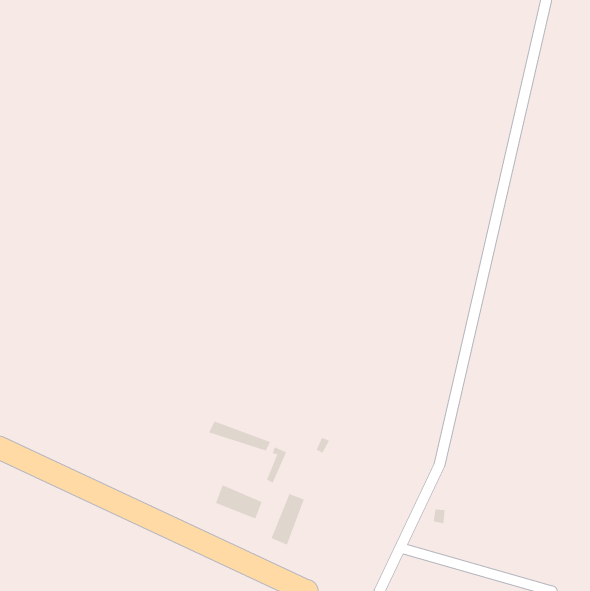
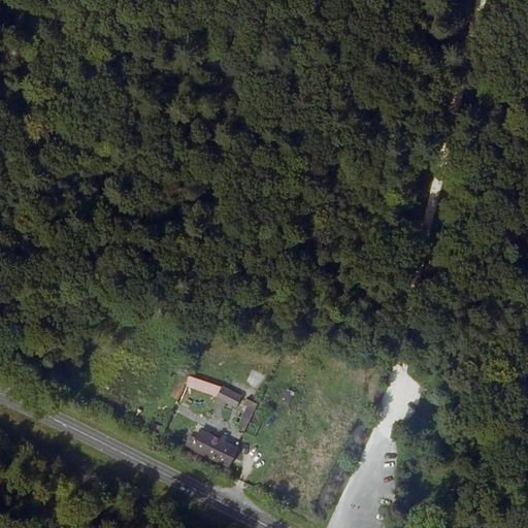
building: [271,493,305,546] -> none

